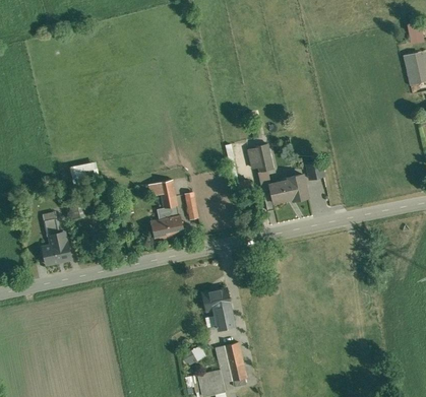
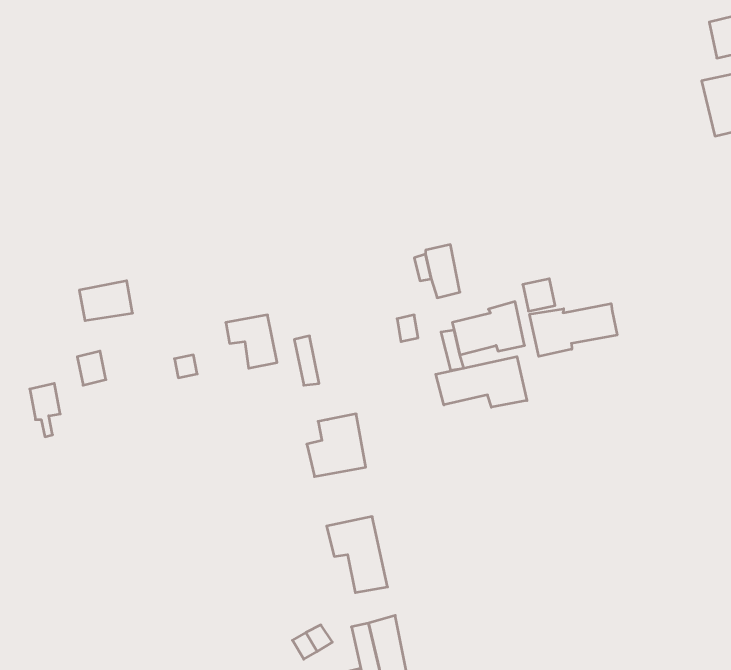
building: none -> [530,304,617,356]
building: none -> [436,357,527,407]
building: [149,206,181,240] -> [307,414,366,477]
building: [43,233,71,264] -> none

